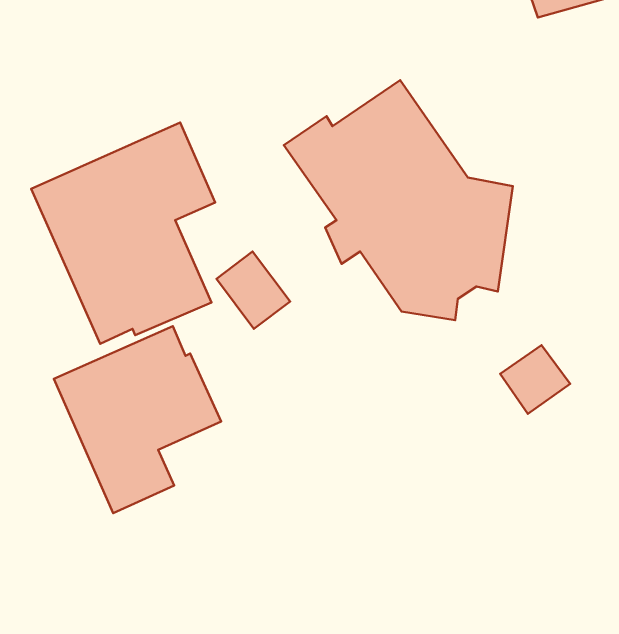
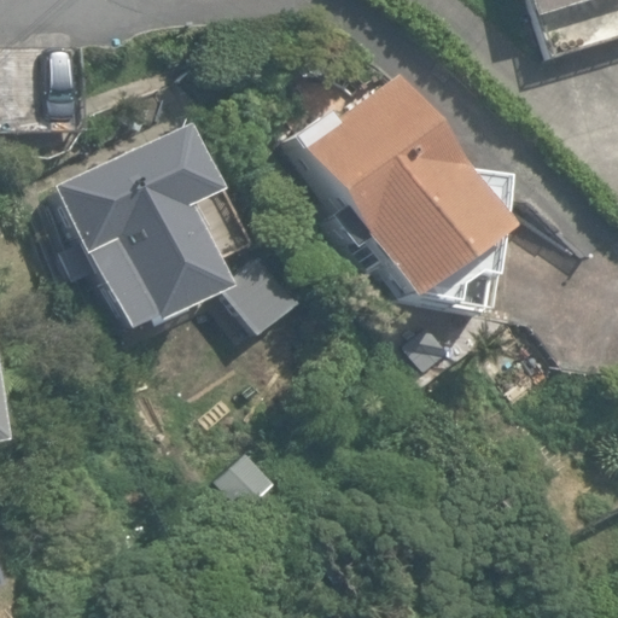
building: [54,326,221,513] -> none

